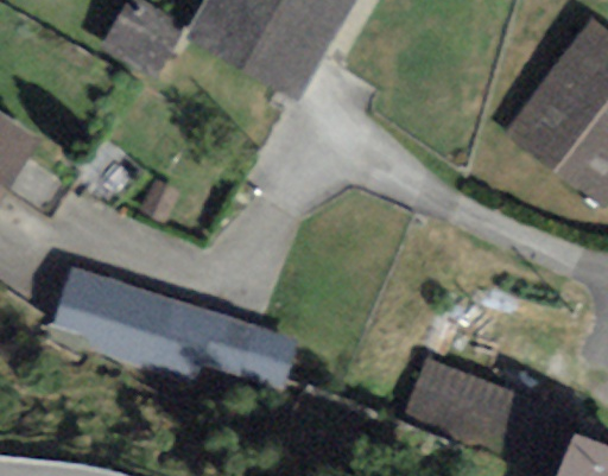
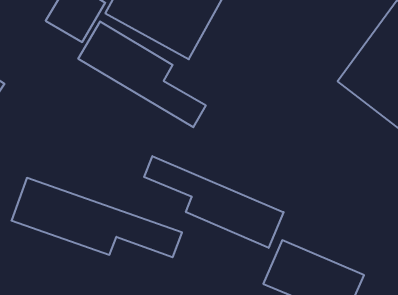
building: none -> [78,21,206,127]
building: none -> [144,156,284,248]

